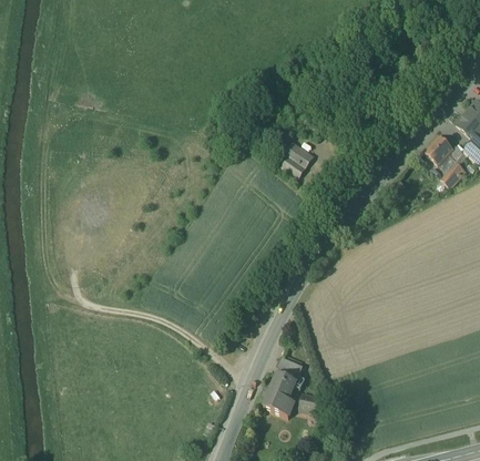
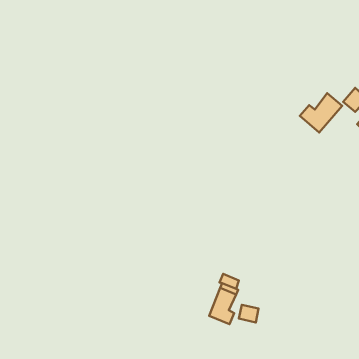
building: none -> [300,93,342,132]
building: [283,144,312,177] -> none

